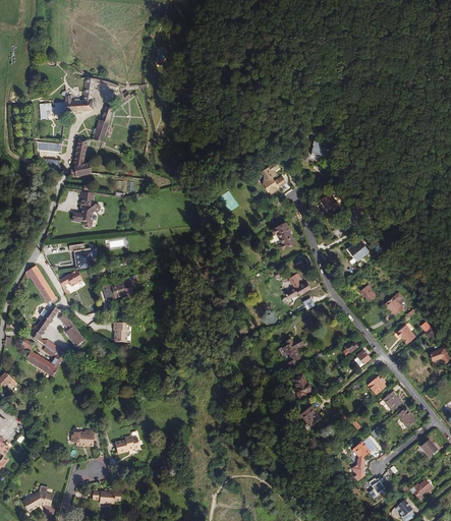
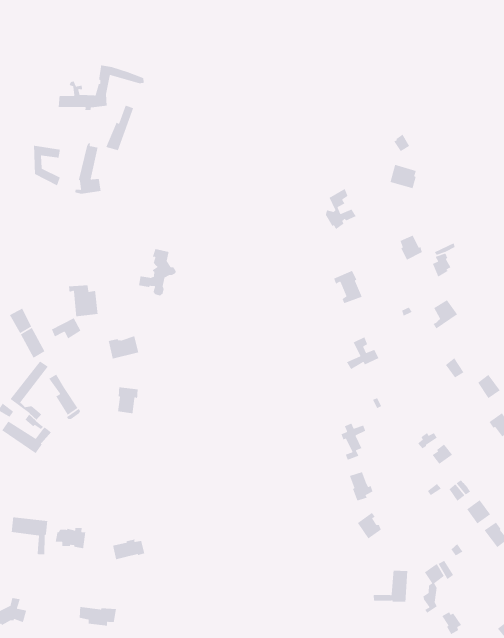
building: [72,190,101,227] -> [138,248,176,297]
building: none -> [11,517,48,555]
building: none -> [373,570,408,603]

